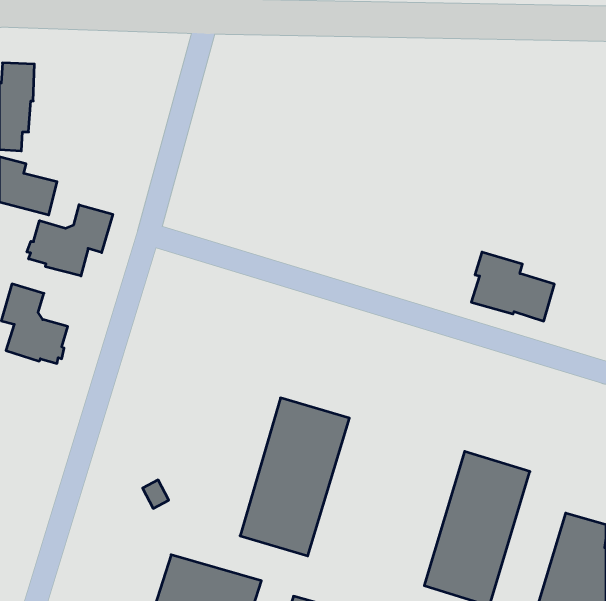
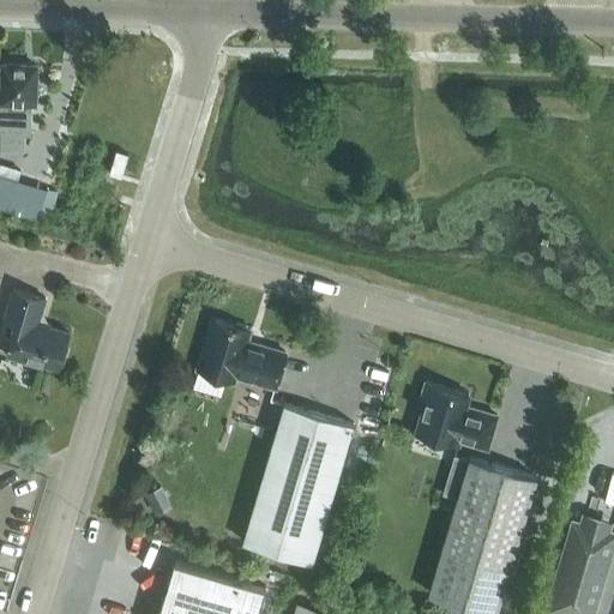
building: [27,205,113,276] -> none
building: [471,252,554,321] -> [415,386,499,456]
building: none -> [197,324,284,392]

